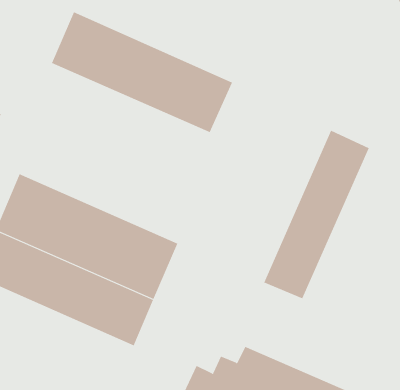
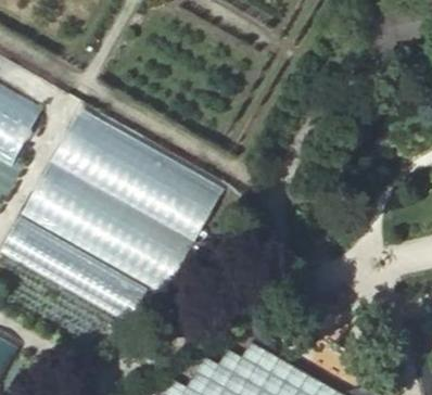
building: [51,12,233,133] -> [55,119,218,241]
building: [264,130,370,299] -> none

